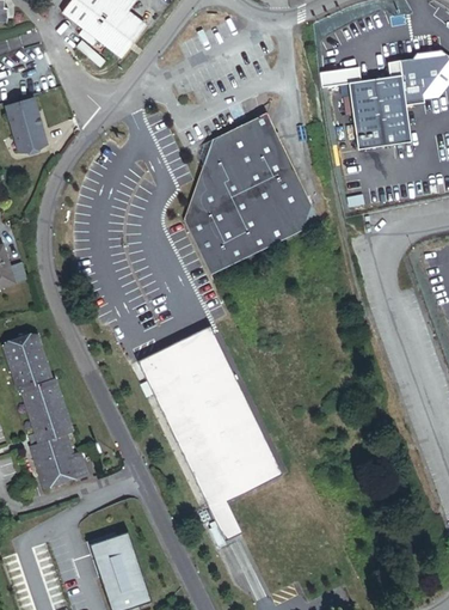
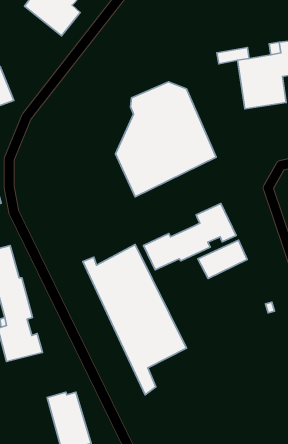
building: none -> [144,203,236,270]
building: none -> [198,240,247,278]

